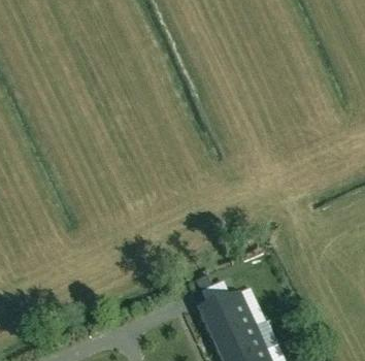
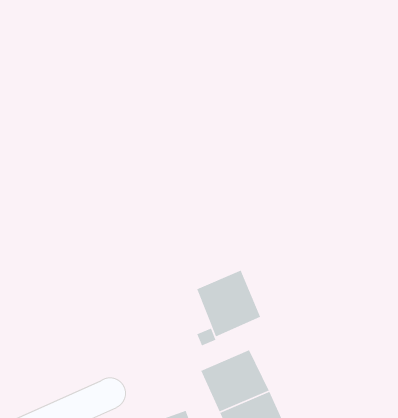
building: none -> [196,269,261,338]

